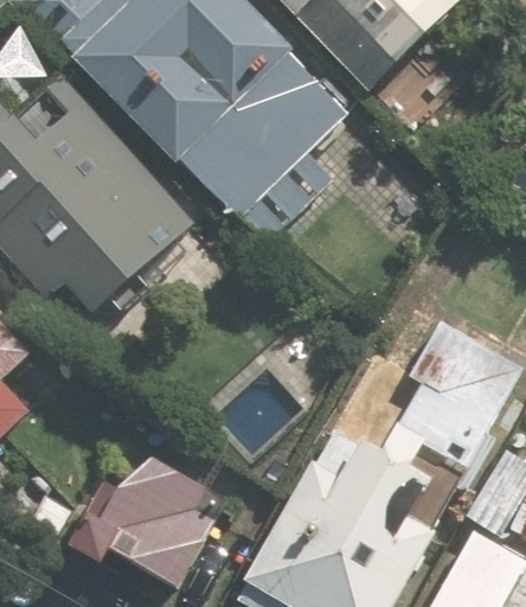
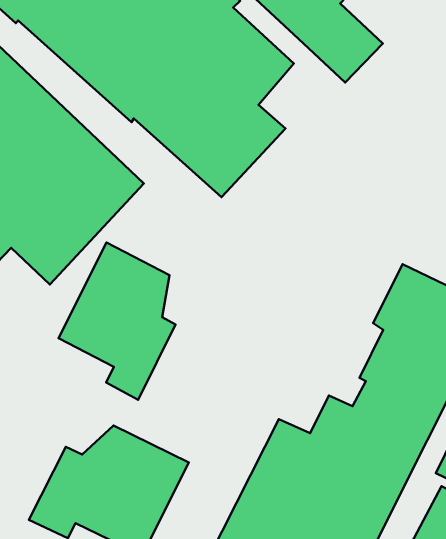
building: none -> [58,242,176,400]

